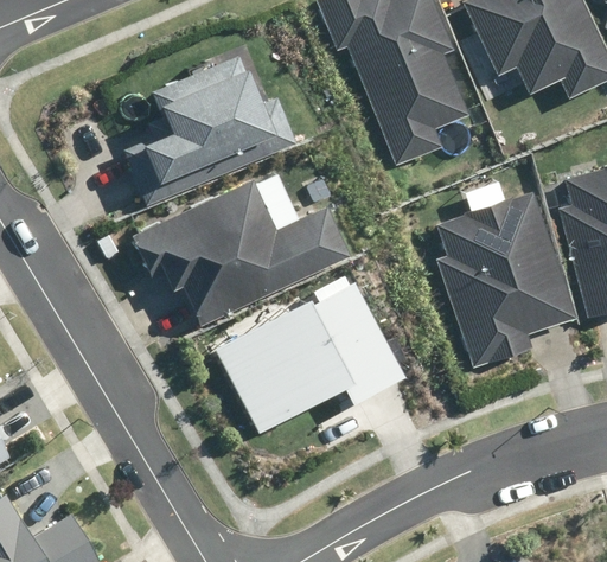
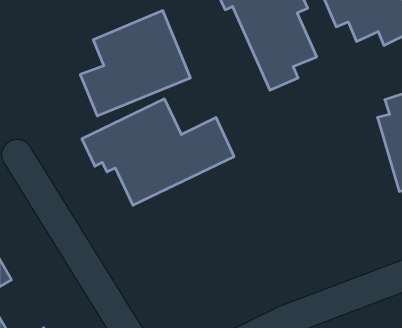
building: [439,192,577,365] -> none
building: [207,274,415,433] -> none

